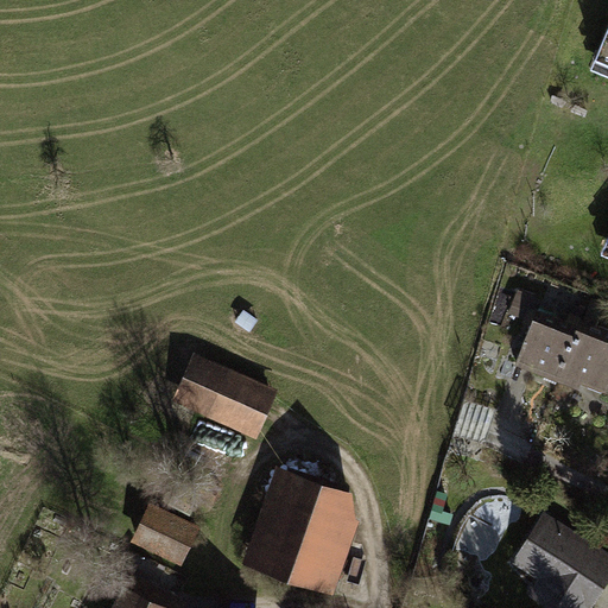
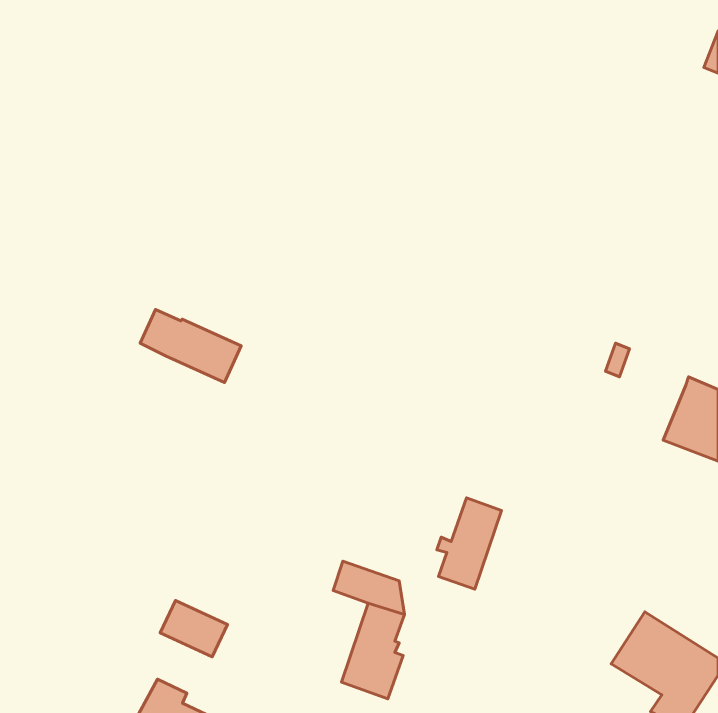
building: [517,314,580,382] -> none
building: [183,367,268,429] -> [140,309,241,383]
building: [256,504,311,581] -> [437,498,502,589]

